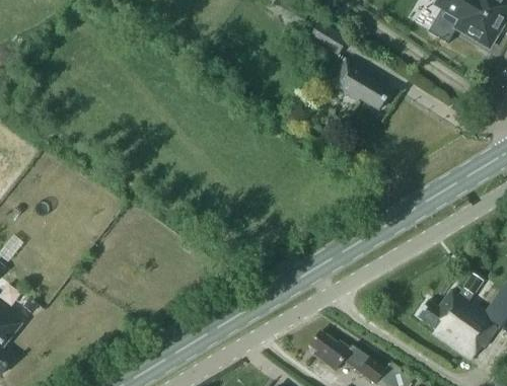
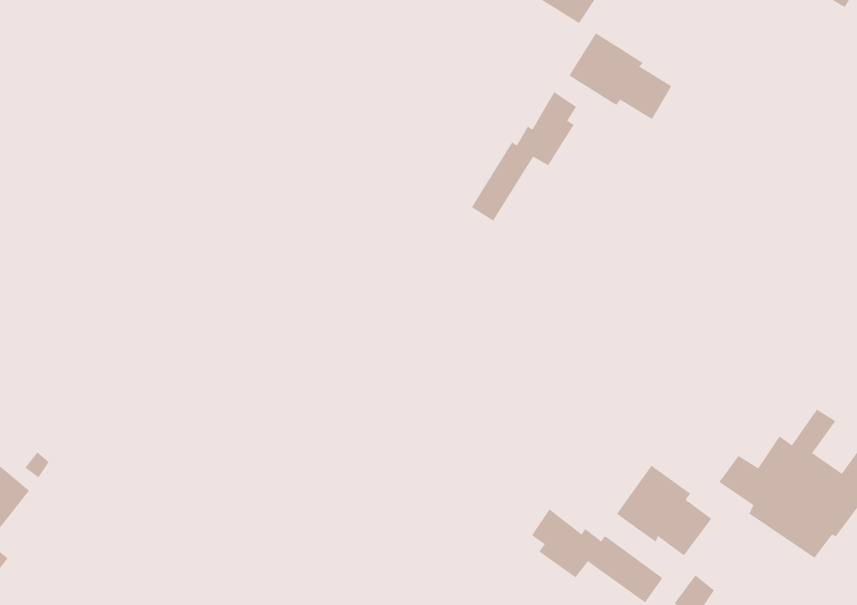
building: none -> [471,91,577,221]
building: none -> [616,465,712,556]

